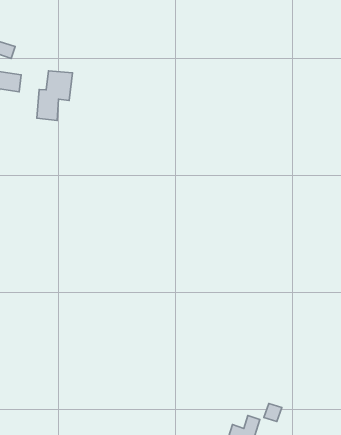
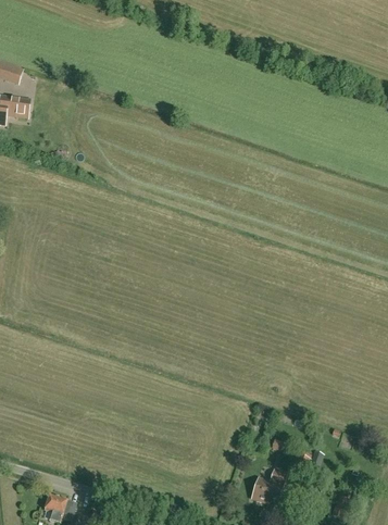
building: [37,71,72,120] -> none

